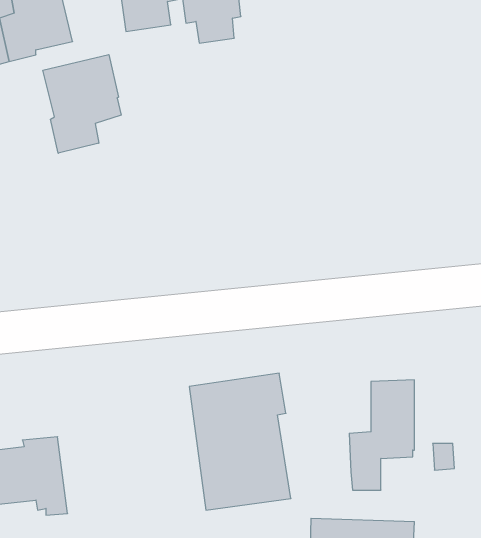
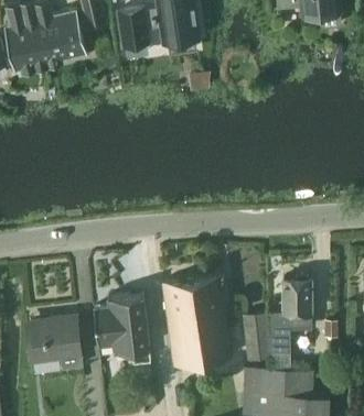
building: [43,55,121,153] -> none
building: none -> [94,295,150,364]
building: none -> [243,314,272,361]

